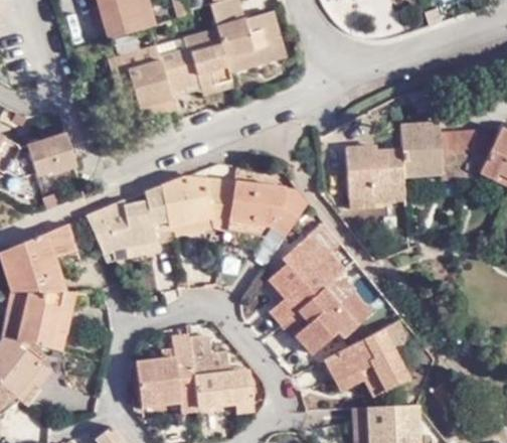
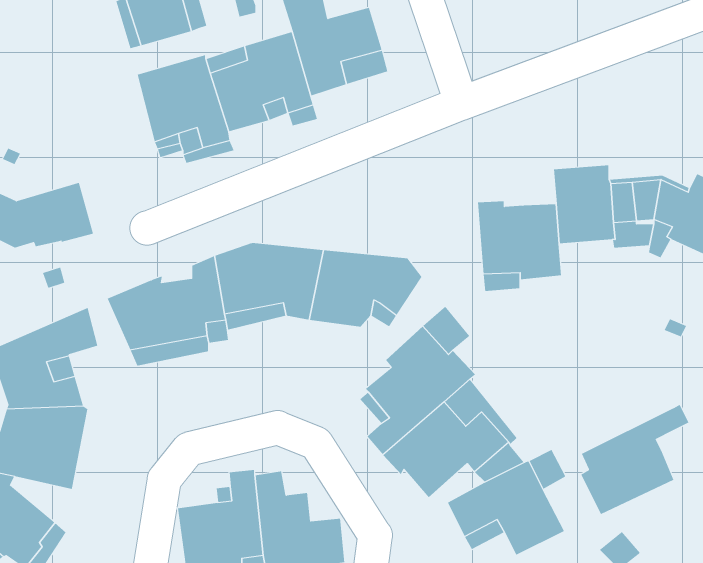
building: none -> [580,404,689,515]

